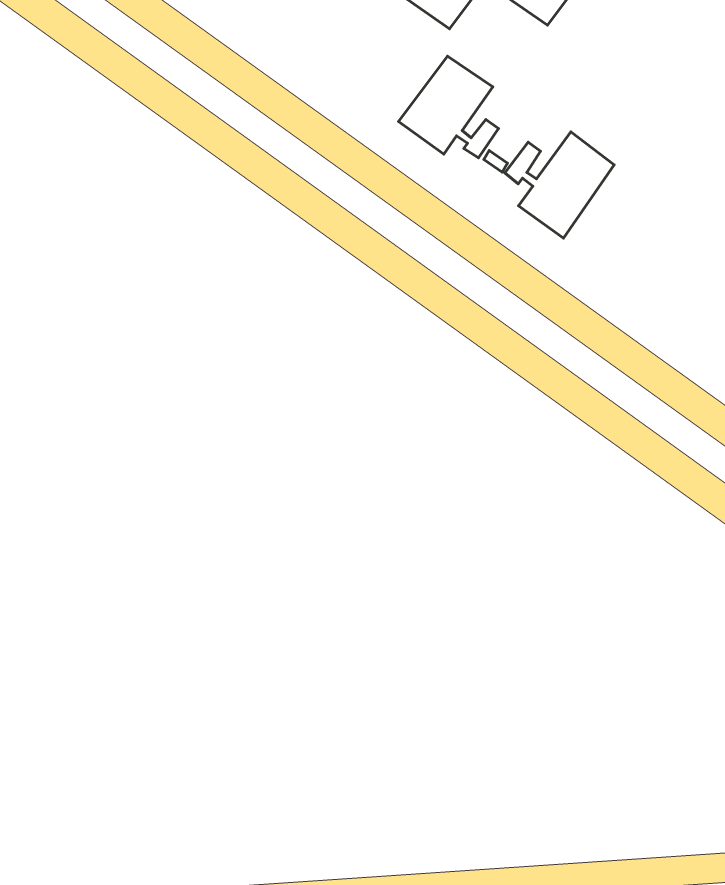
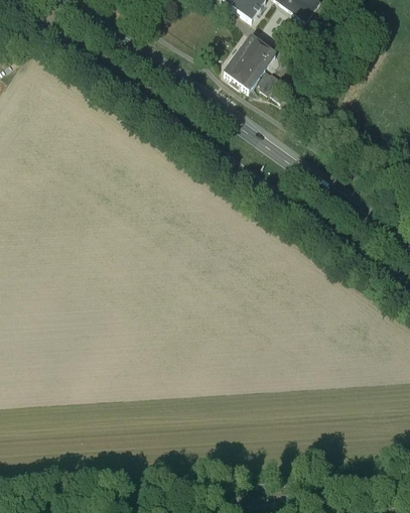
building: [505,132,614,238] -> none

